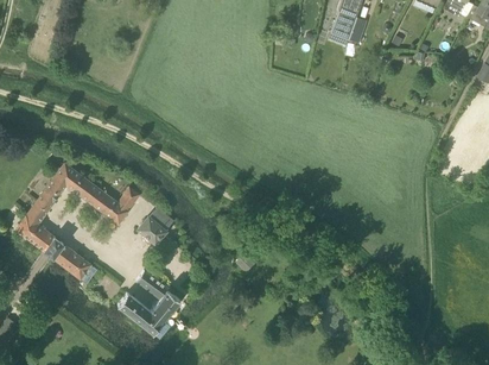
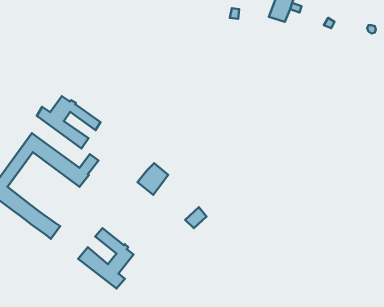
building: none -> [37,96,100,149]
building: [138,208,172,244] -> [137,163,168,195]

